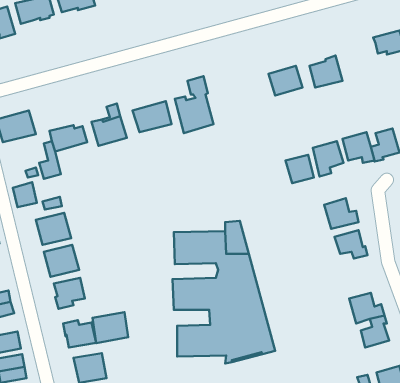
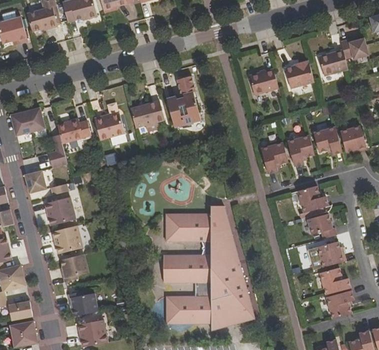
building: none -> [318,48,348,74]
building: none -> [318,240,344,266]
building: [92,312,128,343] -> none

